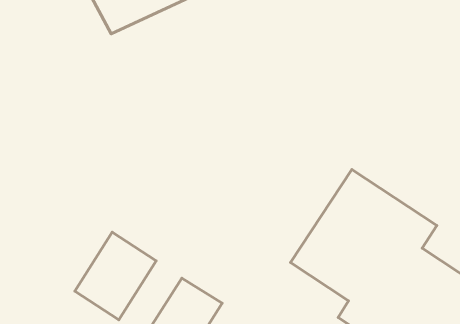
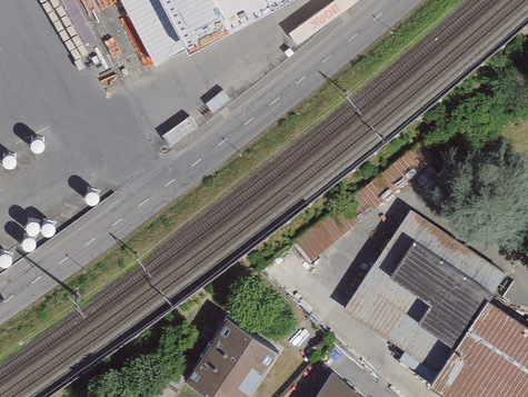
building: [75,232,156,320] -> none

